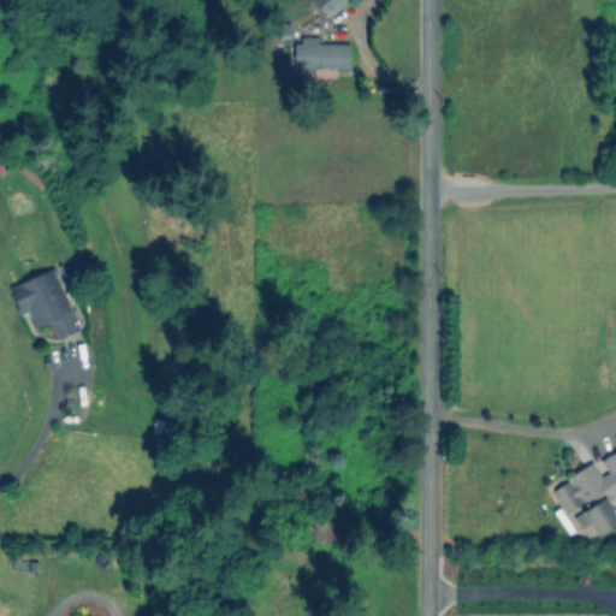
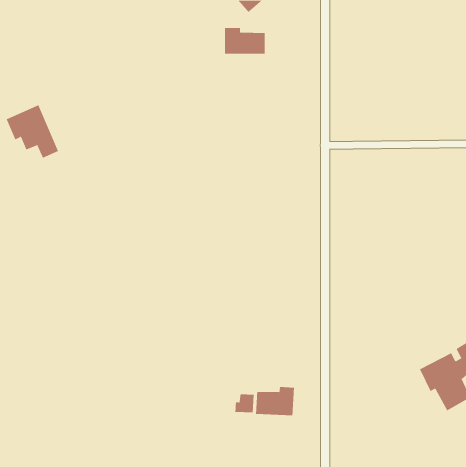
building: [11,268,81,339] -> [6,104,59,158]
building: none -> [256,386,294,416]

